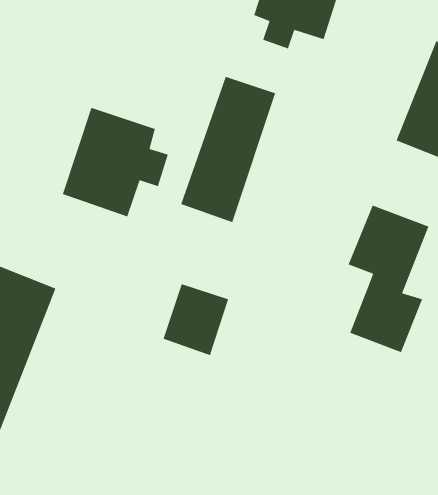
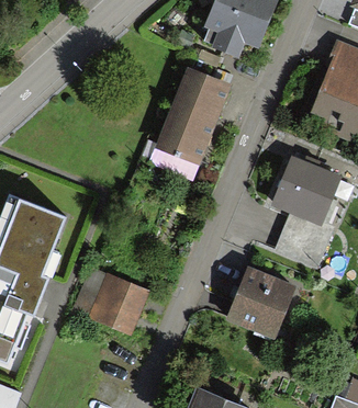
building: [62,107,169,217] -> none
building: [163,283,229,356] -> [94,277,142,329]
building: none -> [230,271,292,332]

